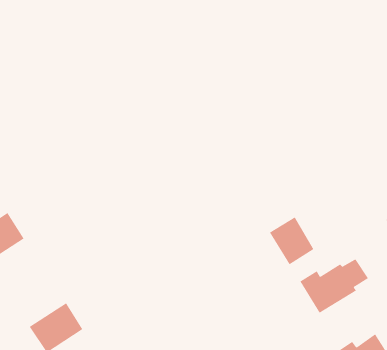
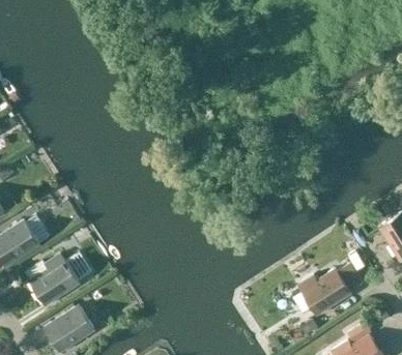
building: [269,217,314,265] -> none
building: none -> [29,253,80,305]

